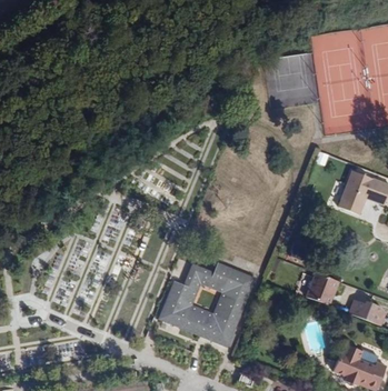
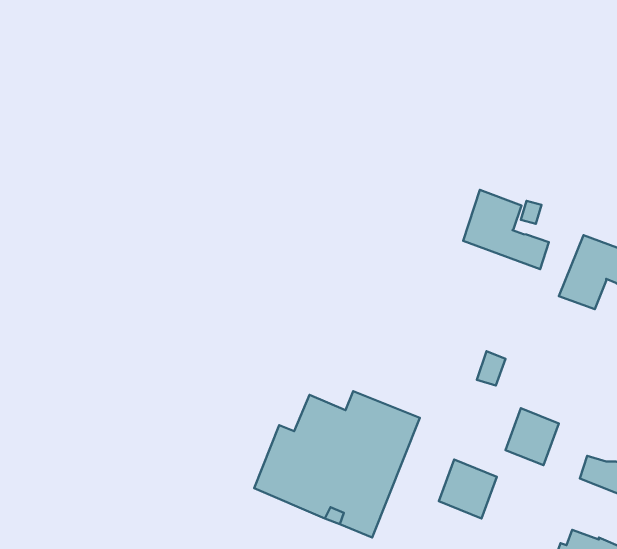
building: none -> [463,190,549,269]
building: none -> [439,460,497,518]

